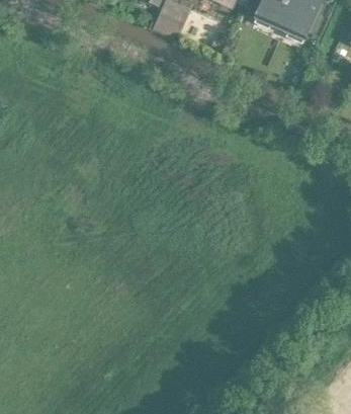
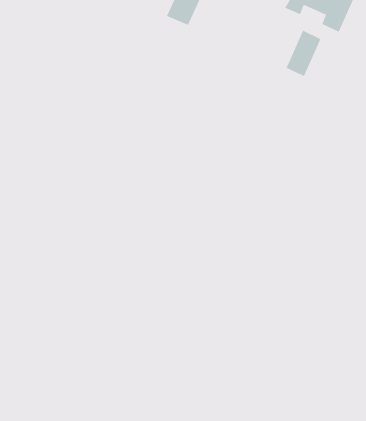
building: none -> [286,30,321,77]

